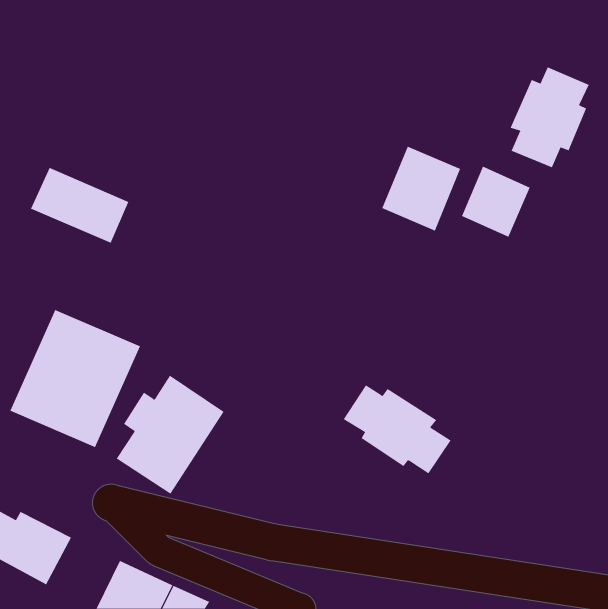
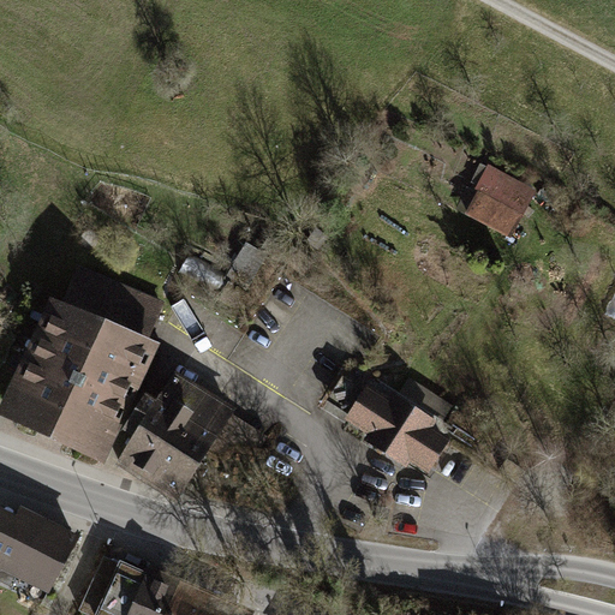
building: [510,66,590,168] -> none
building: [381,146,461,231] -> none
building: [30,167,129,244] -> [58,270,157,347]

